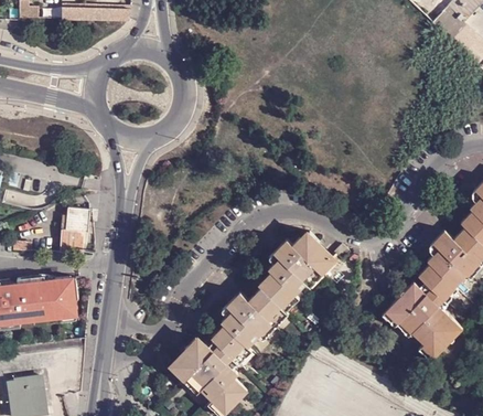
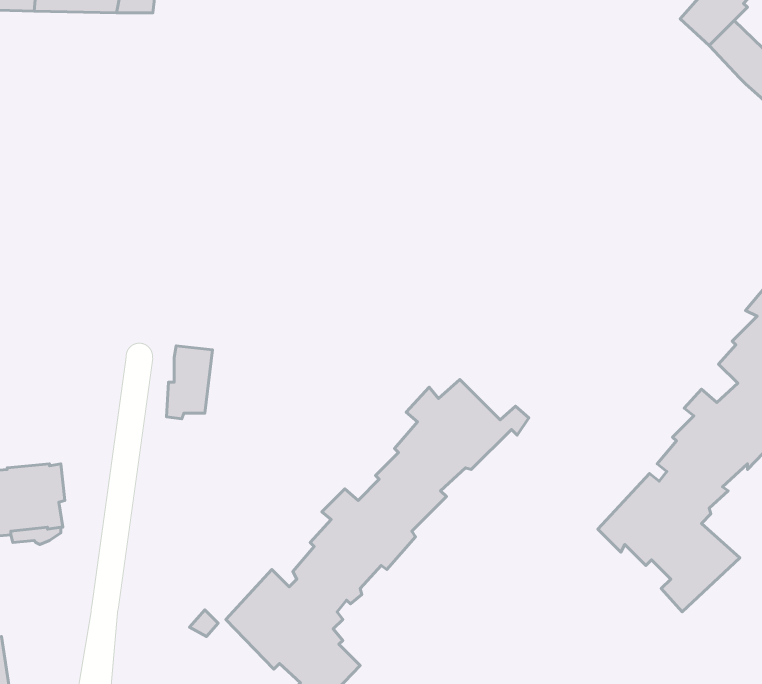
building: [62,209,88,250] -> [166,346,212,419]

